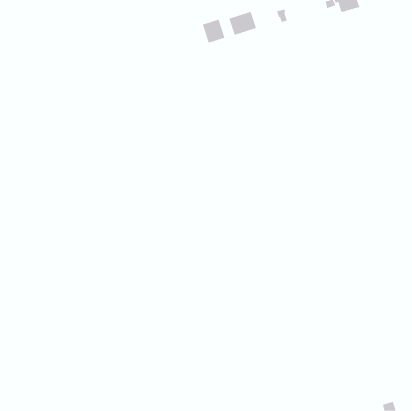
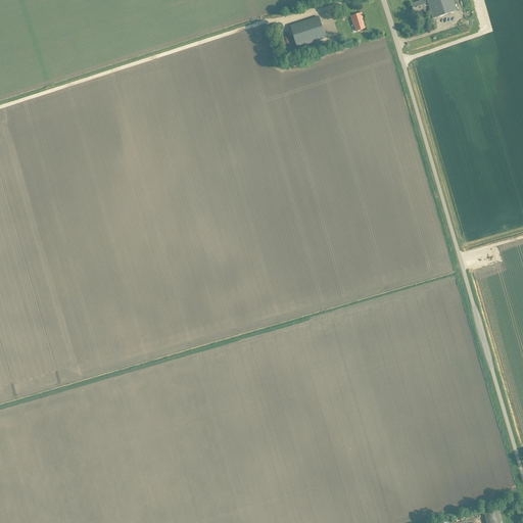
building: [202,19,225,43] -> none

